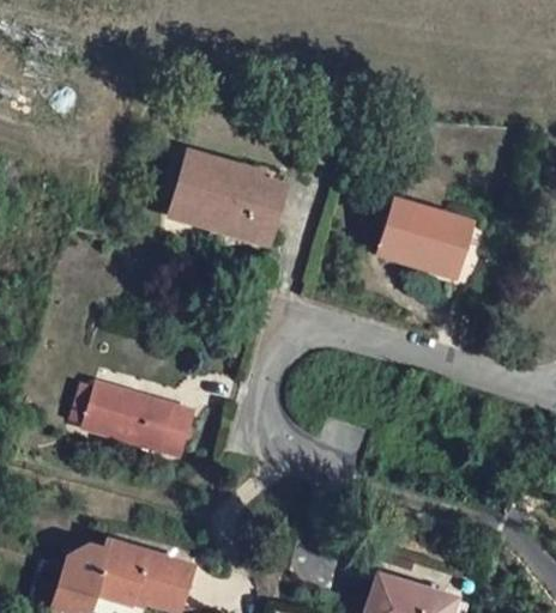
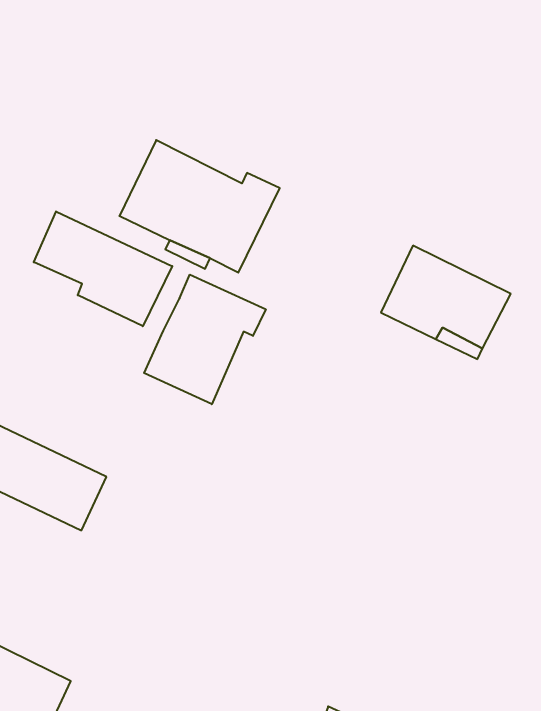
building: none -> [34,211,172,326]
building: none -> [144,275,266,404]

